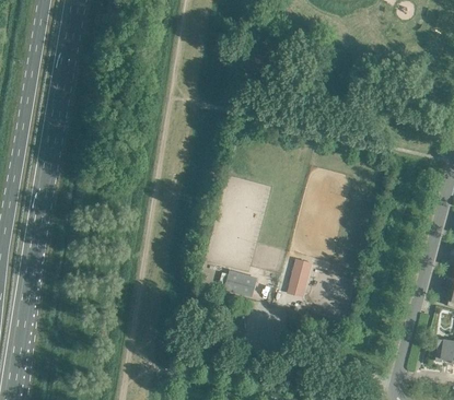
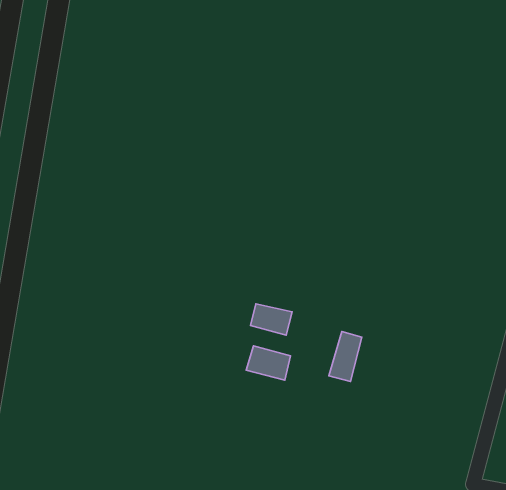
building: none -> [251,304,292,335]

